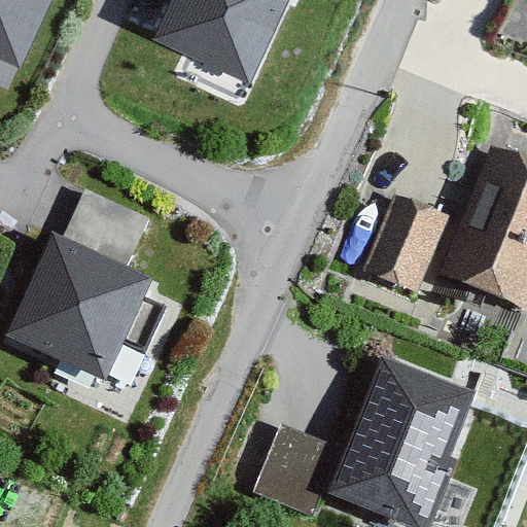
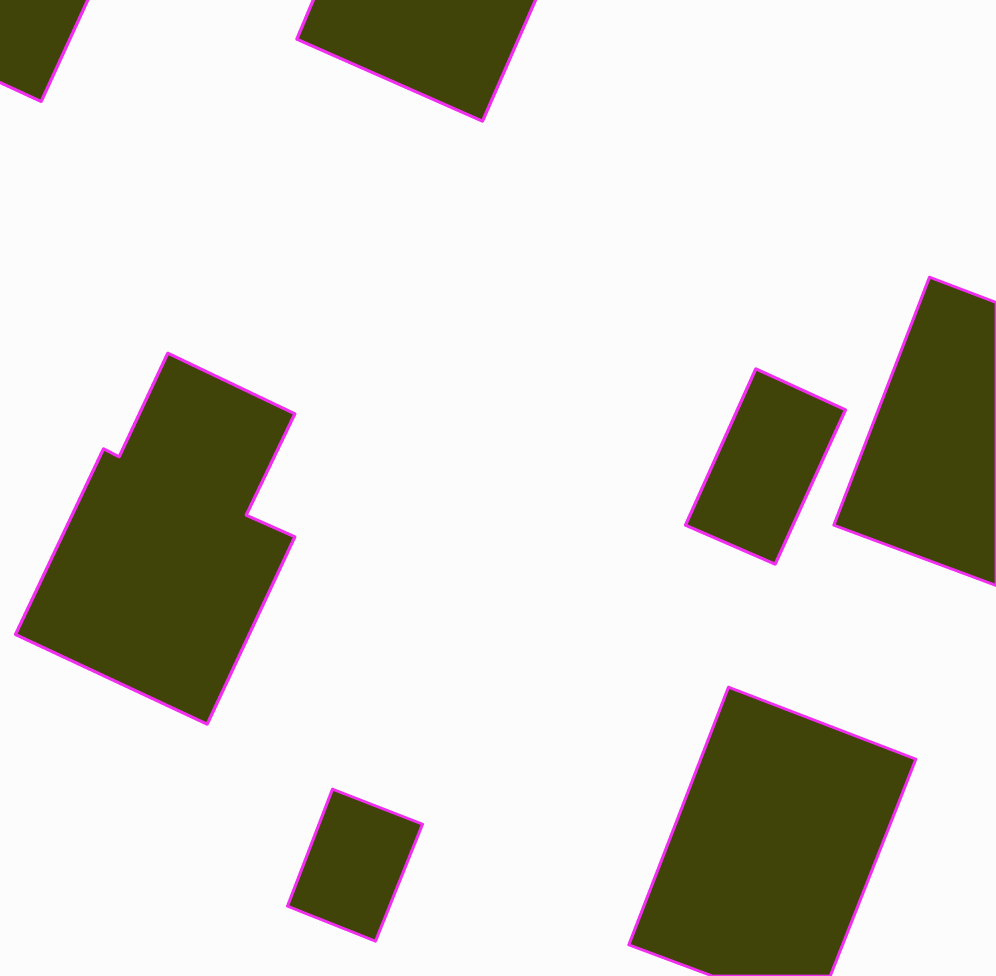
building: [258,428,329,508] -> [288,789,422,941]

